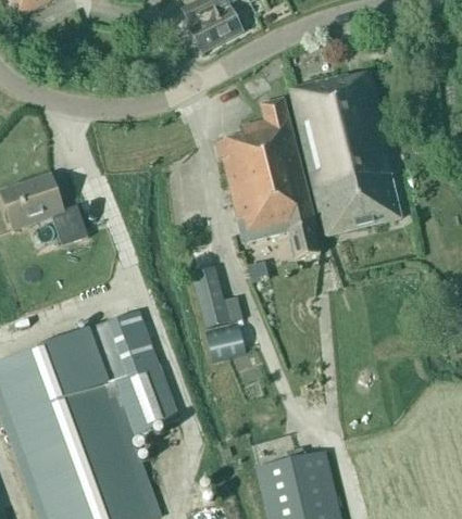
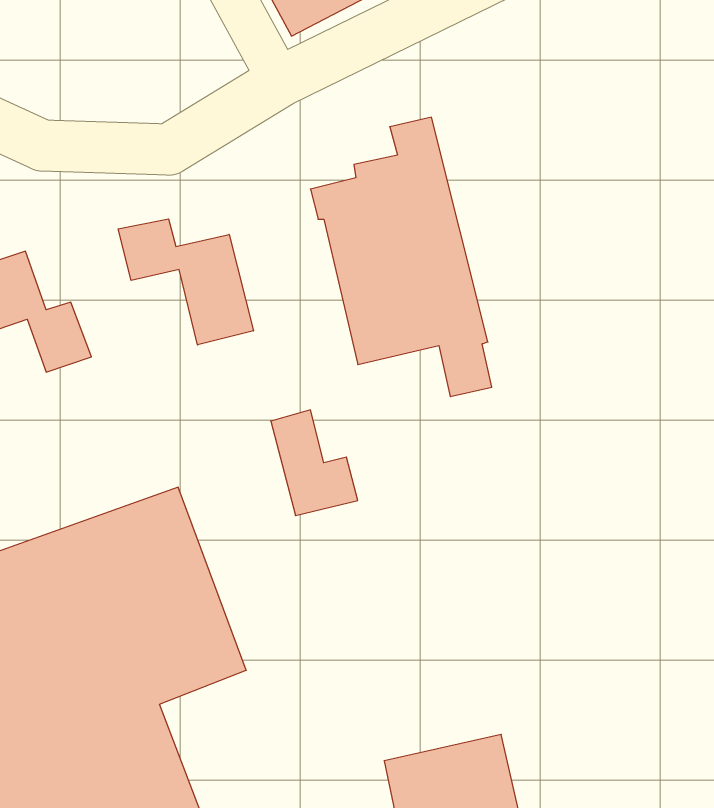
building: [288,73,401,238] -> none
building: none -> [118,219,253,345]
building: [199,322,241,363] -> none

